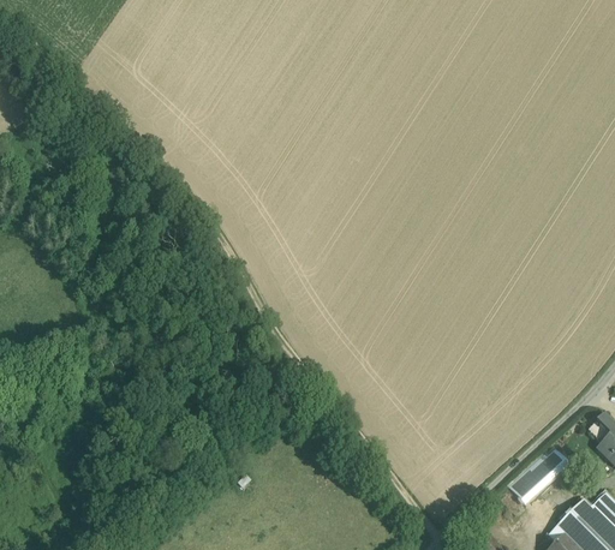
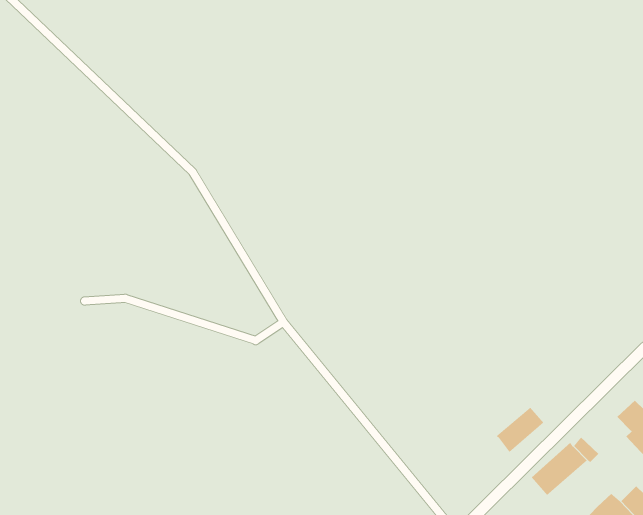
building: none -> [496,407,544,453]

